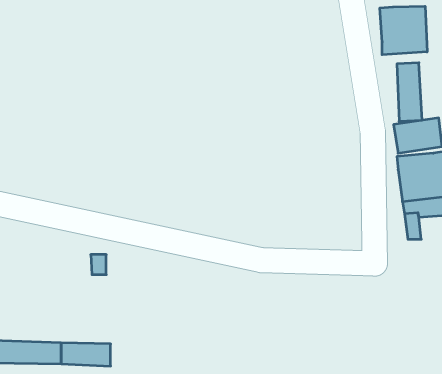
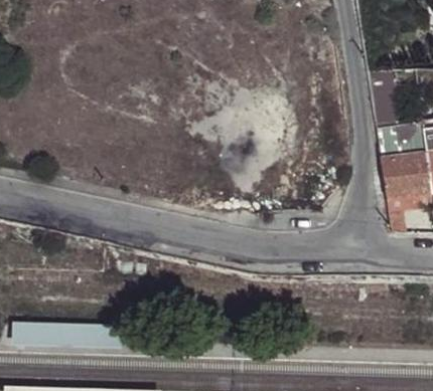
building: [380,6,427,55] -> none

